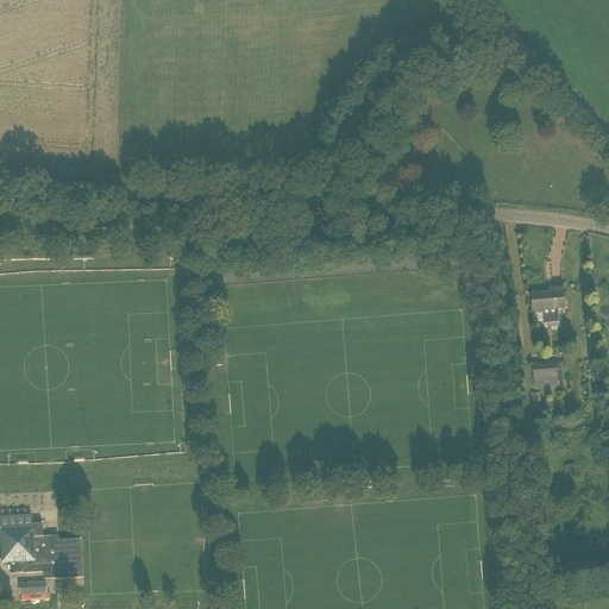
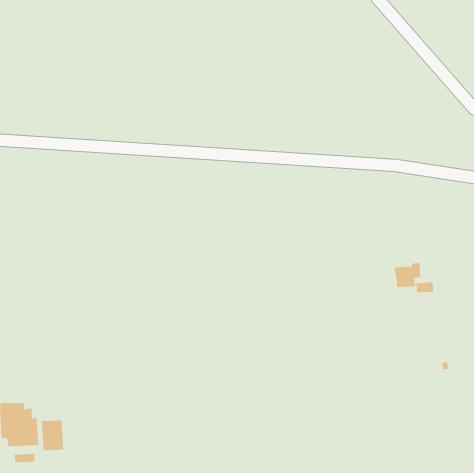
building: [529,287,564,319] -> [394,262,421,288]

